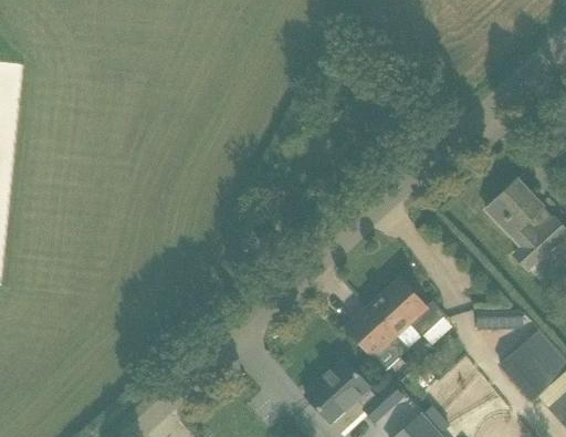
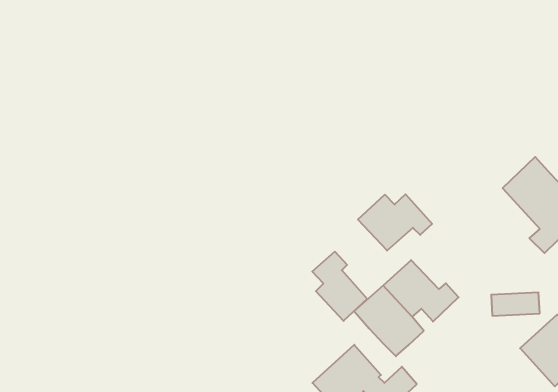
building: none -> [358,194,432,251]
building: none -> [312,252,367,321]

